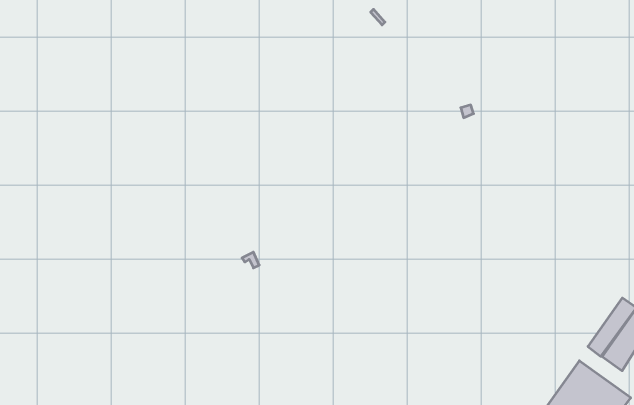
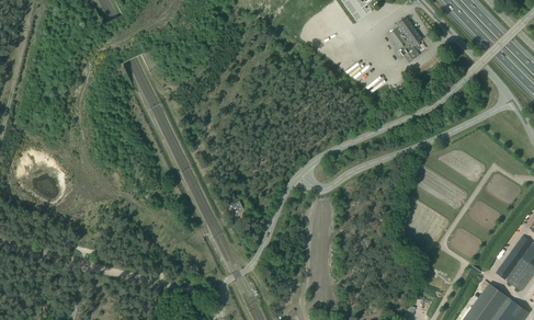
building: none -> [388,18,423,60]

